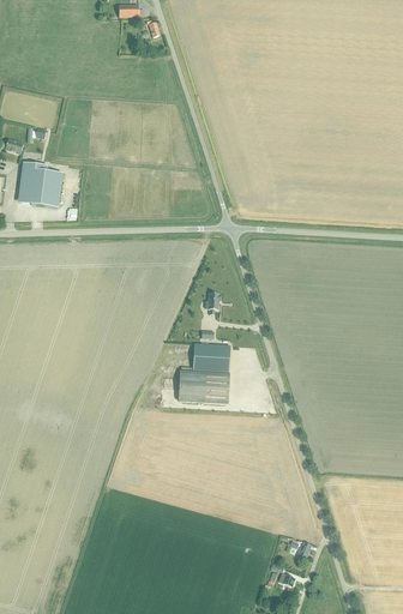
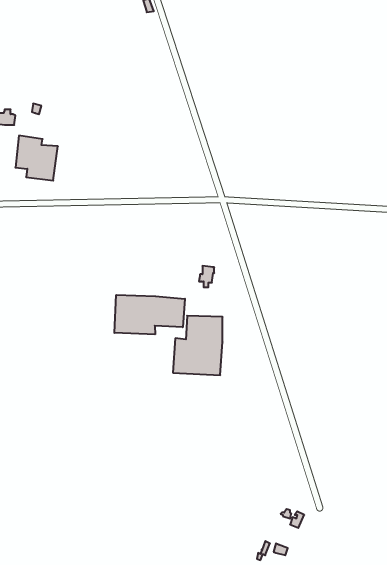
building: none -> [114,295,185,334]

